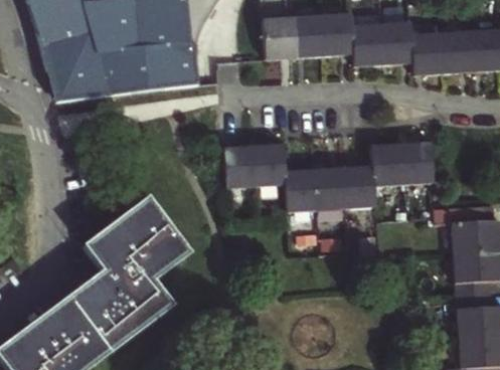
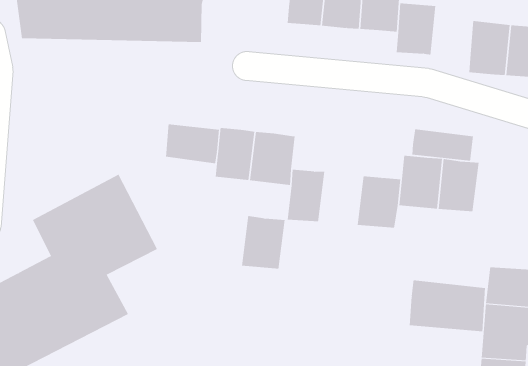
building: [378,25,410,66] -> none
building: none -> [412,129,474,161]
building: none -> [165,123,220,164]
building: [311,169,342,210] -> [241,216,285,269]
building: none -> [409,280,485,332]

